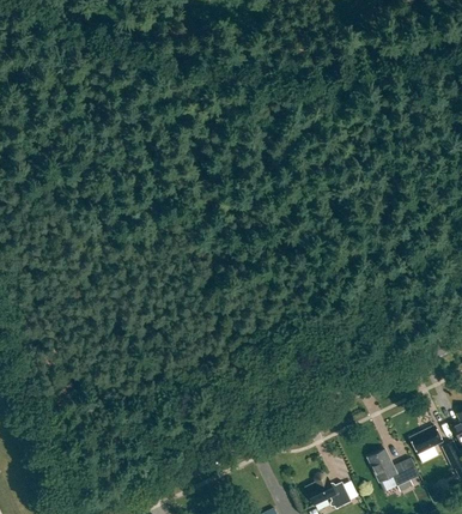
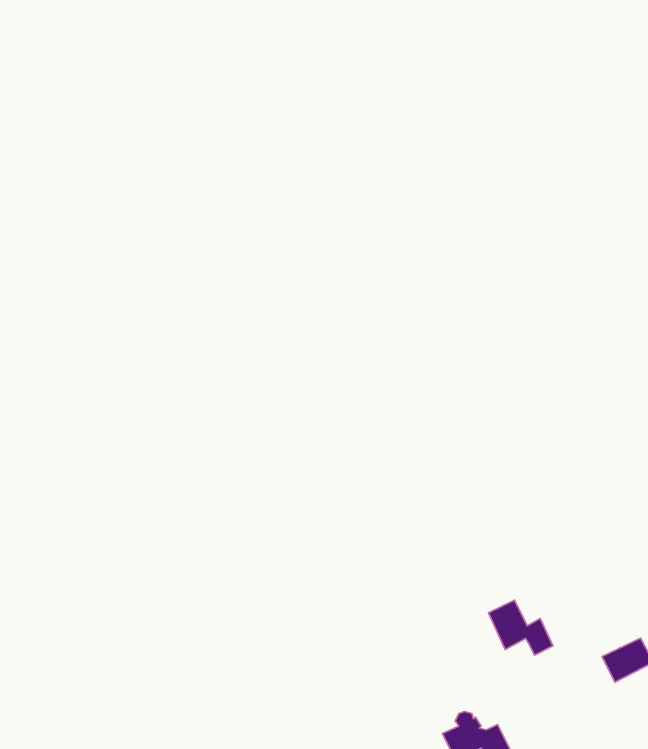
building: [367,449,409,485] -> [489,600,553,655]

